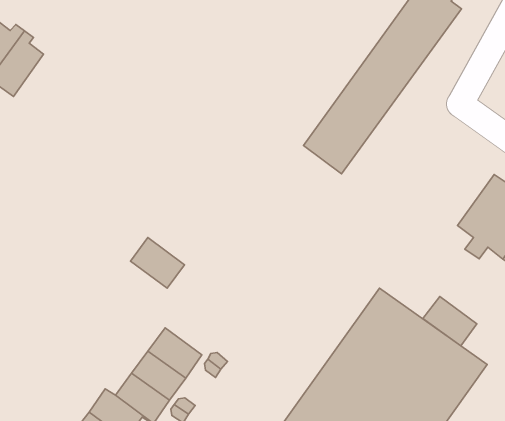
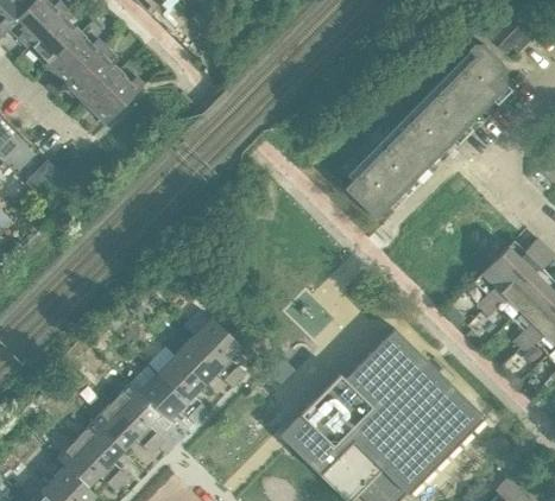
building: none -> [86,70,144,125]
building: [131,238,184,288] -> [193,317,241,366]
building: [423,296,477,346] -> none

